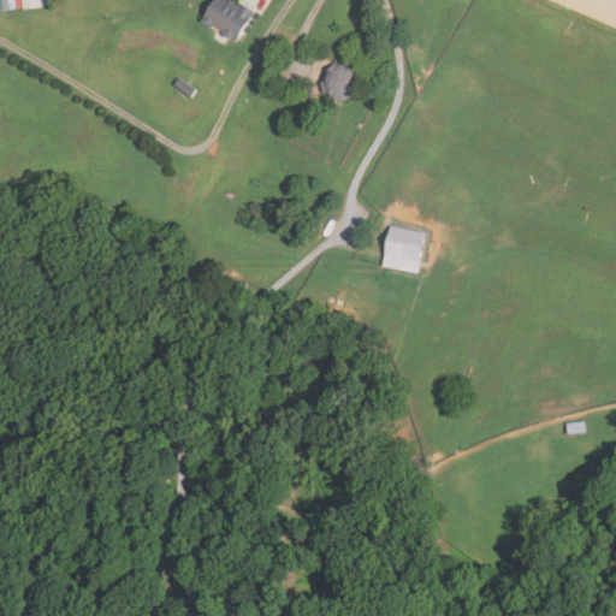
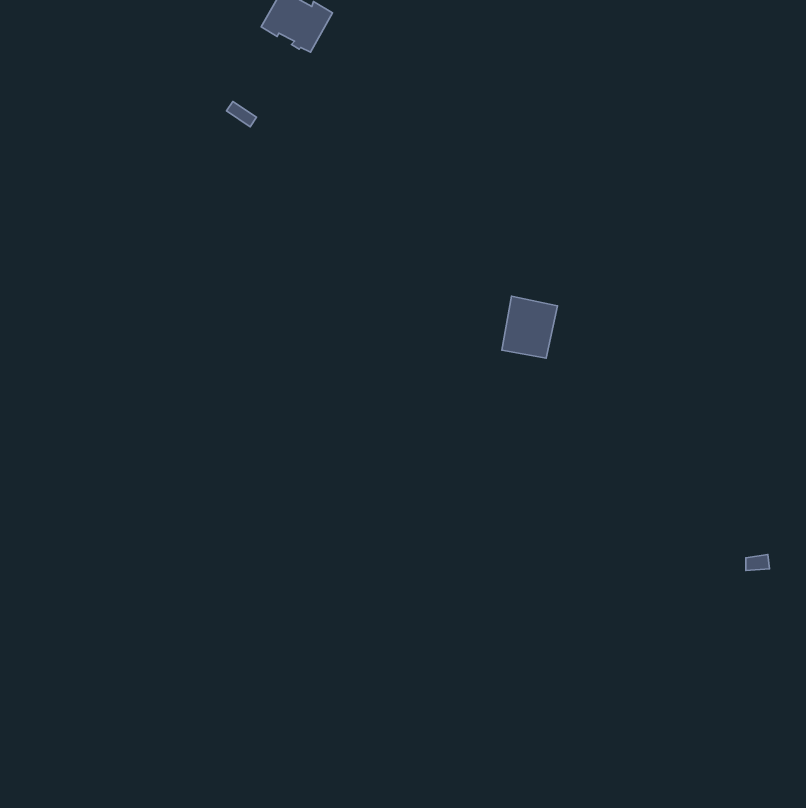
building: [320,63,356,99] -> none

